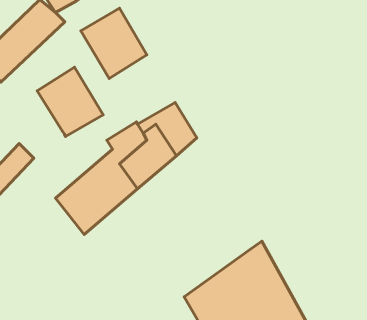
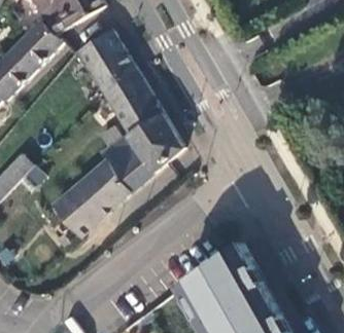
building: [37,67,103,136] -> [102,74,162,137]

